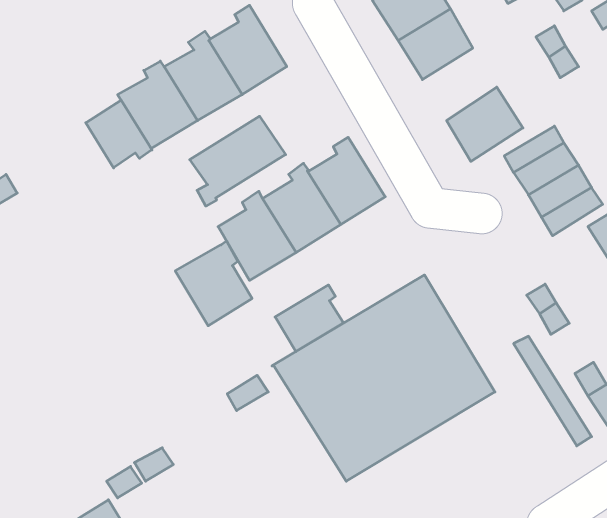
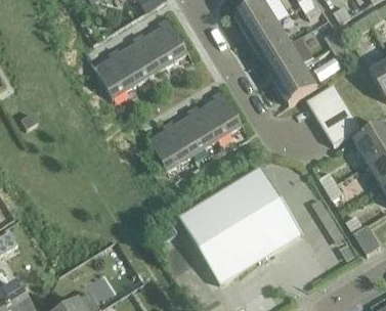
building: none -> [261,41,302,81]
building: [86,100,152,168] -> none
building: [190,116,286,206] -> none
building: [175,241,252,326] -> none
building: [275,285,344,352] -> none

